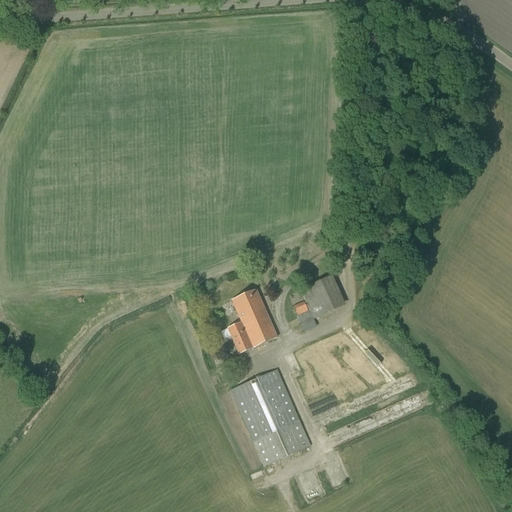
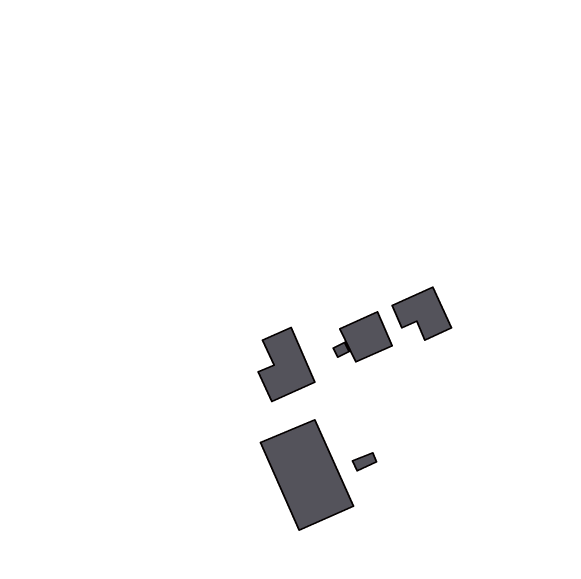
building: none -> [392,287,452,340]

